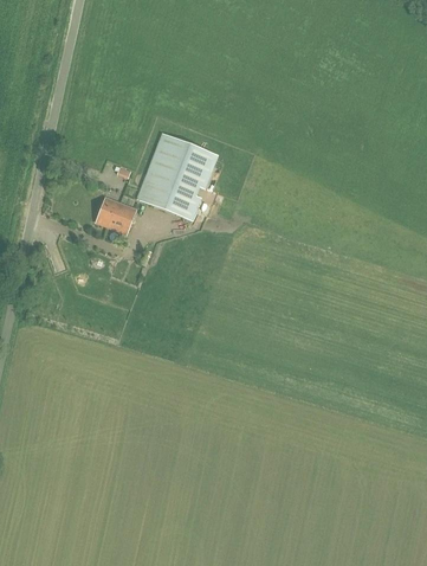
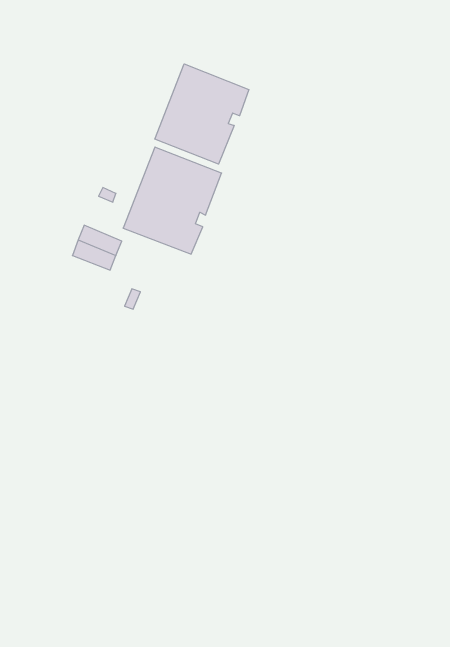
building: none -> [155,64,249,164]

